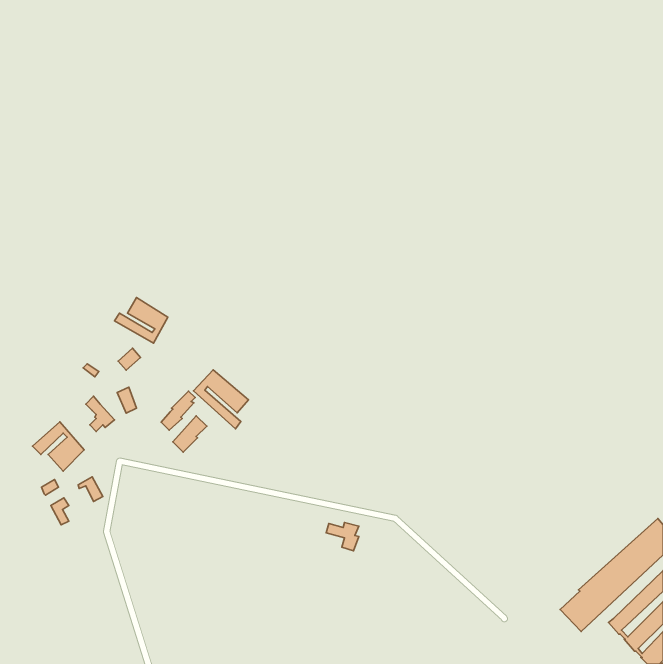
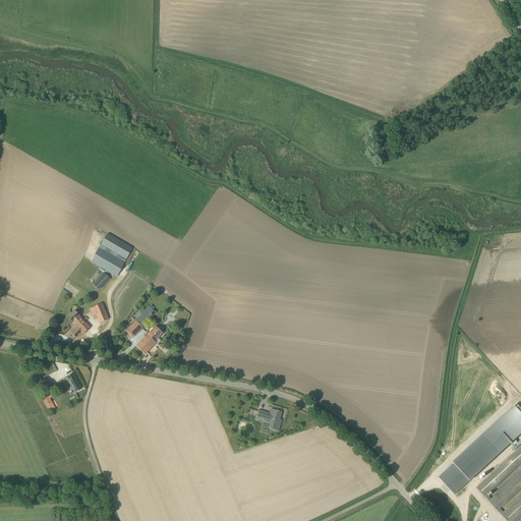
building: [194,370,249,429] -> none
building: [33,422,84,471] -> none

